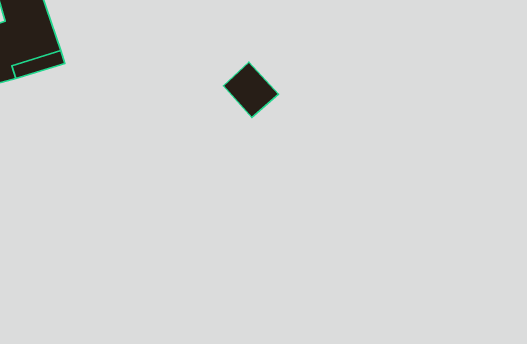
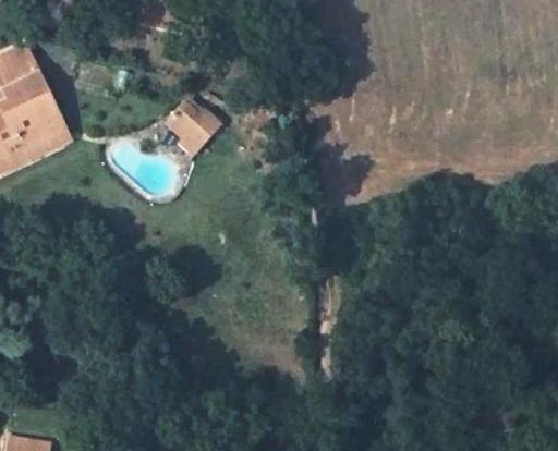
building: [223,62,278,118] -> [162,95,217,148]

